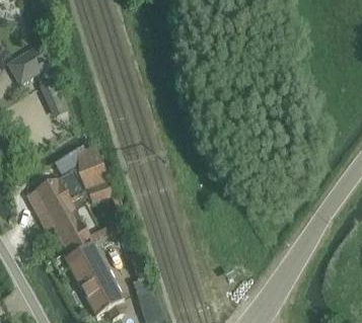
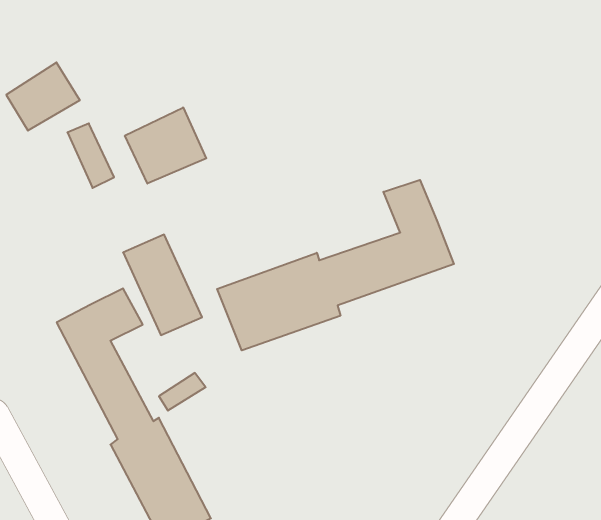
building: none -> [125,107,206,184]
building: none -> [217,180,454,350]

